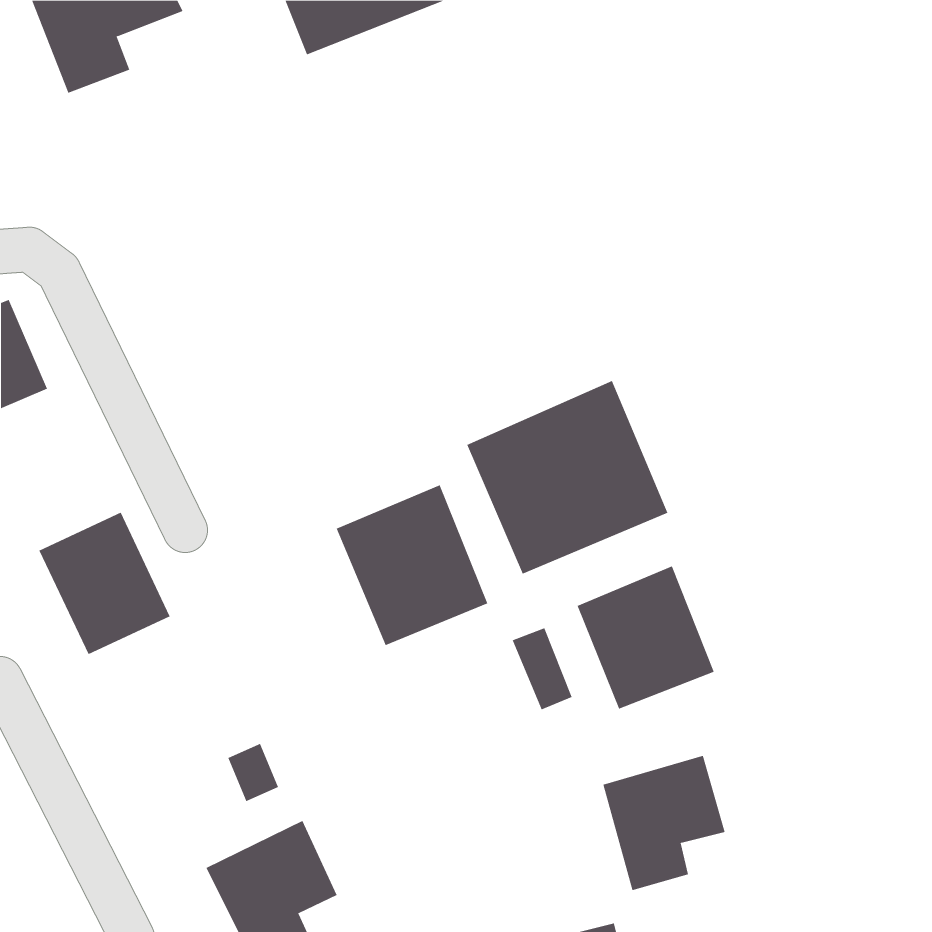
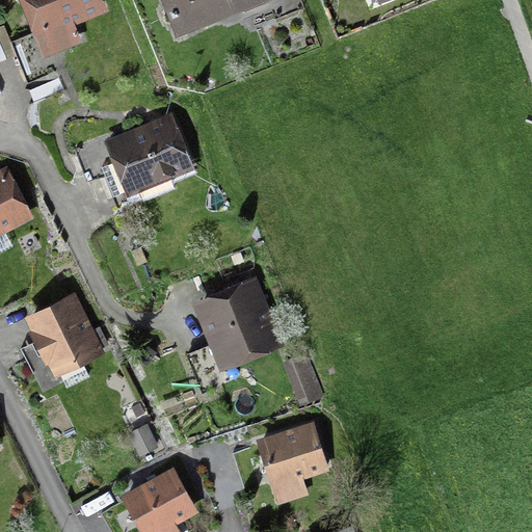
building: none -> [107,116,193,195]
building: [466,380,668,575] -> none
building: [577,565,714,710] -> none
building: [603,755,726,891] -> [257,426,326,503]

